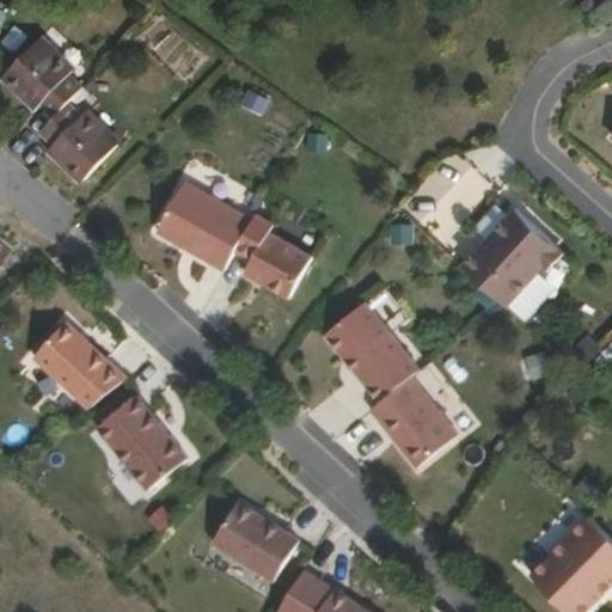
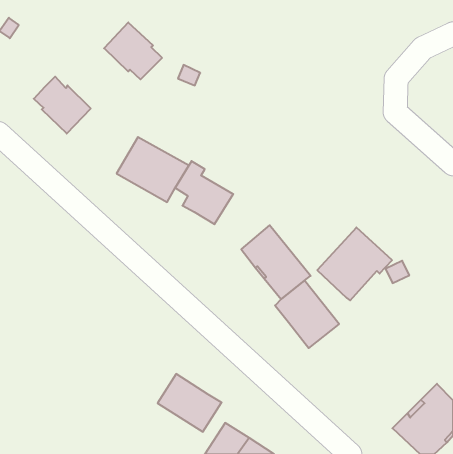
building: [11,41,88,117] -> [104,22,162,79]
building: [460,209,561,307] -> [317,227,392,300]
building: [24,316,124,408] -> none
building: [97,394,186,489] -> none

